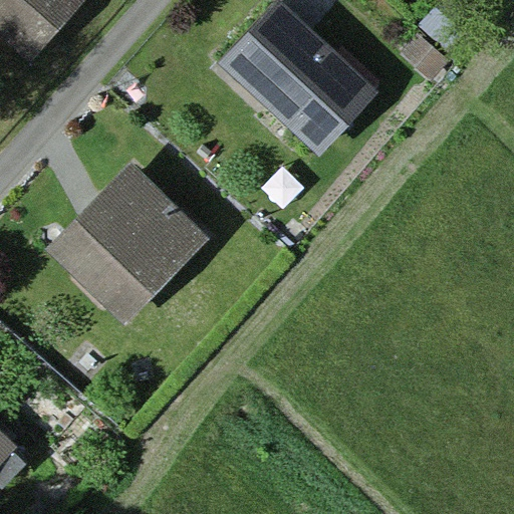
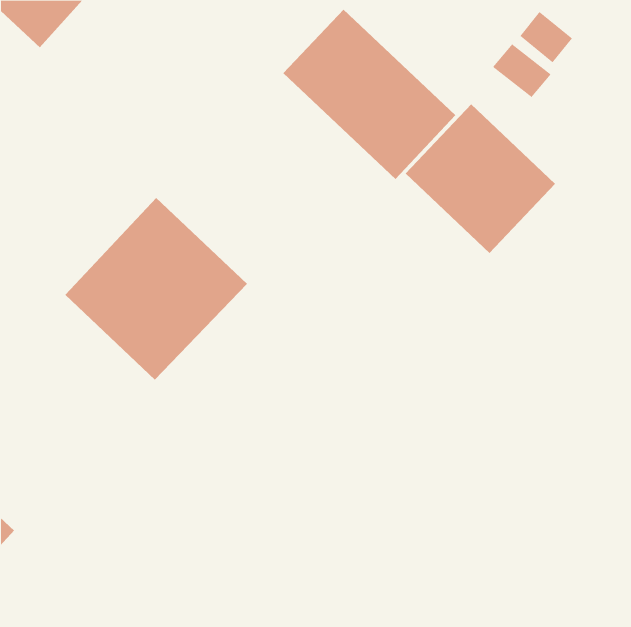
building: none -> [405,104,556,254]

